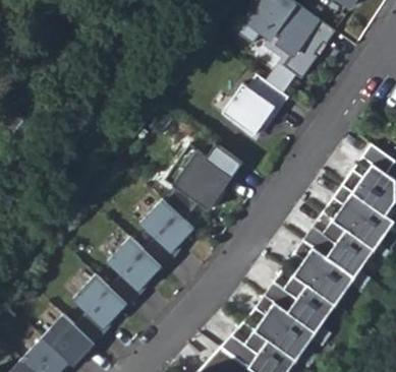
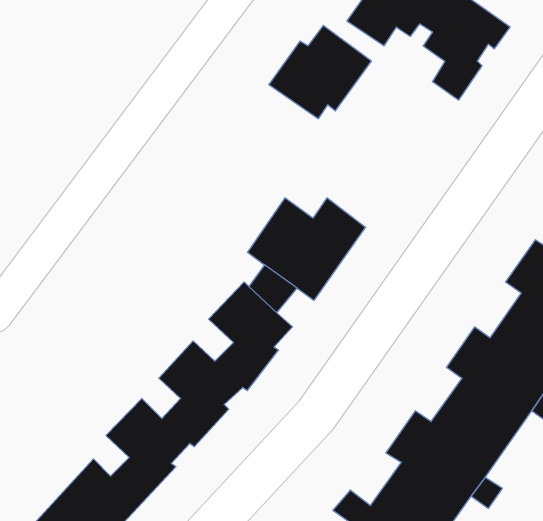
building: [224,73,291,134] -> [269,25,371,119]

